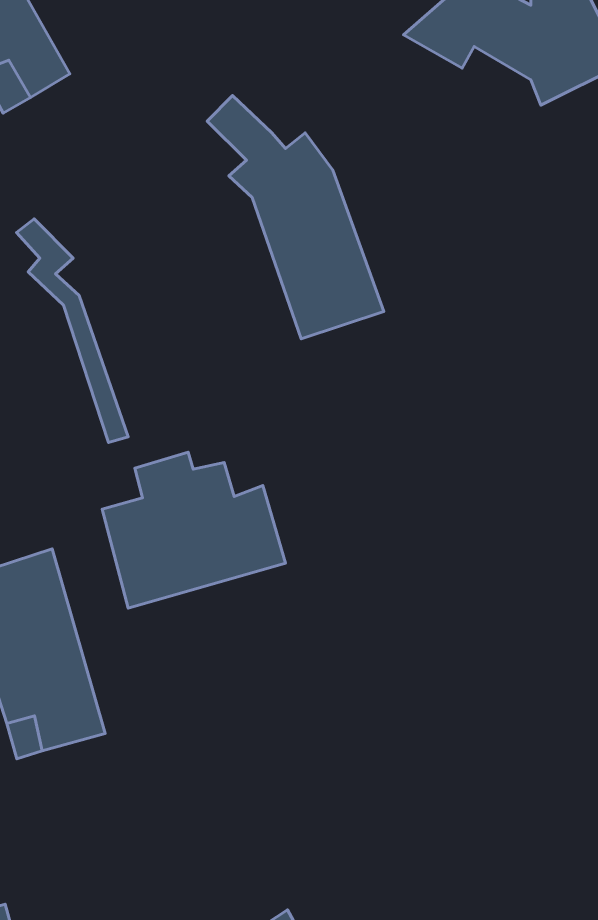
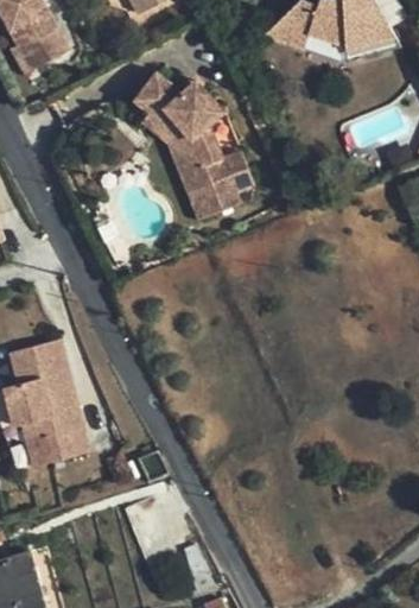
building: [16,219,128,443] -> [138,80,205,215]
building: [102,452,286,608] -> none

